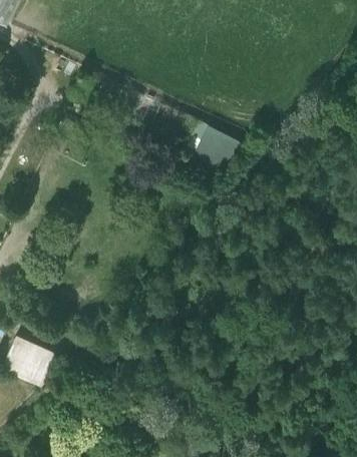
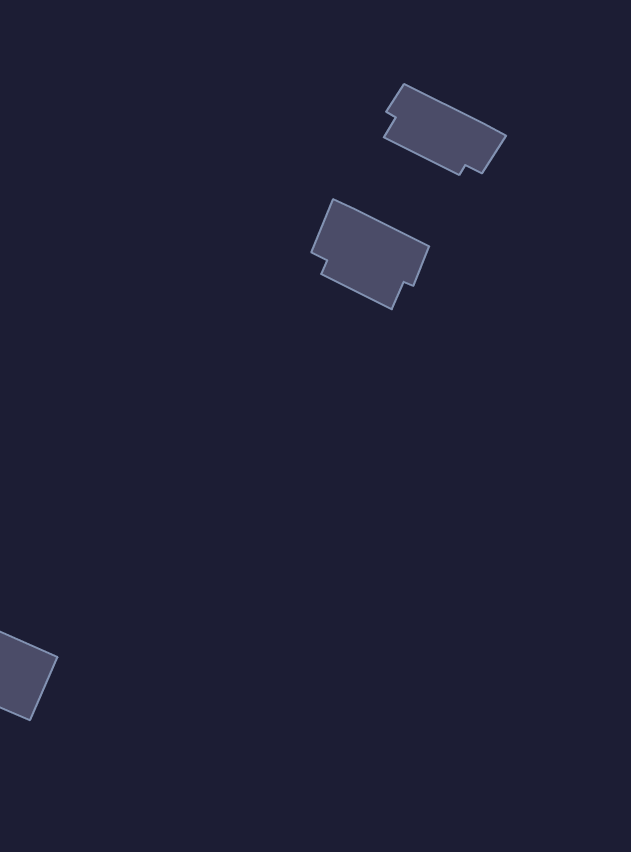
building: none -> [384,84,506,175]

